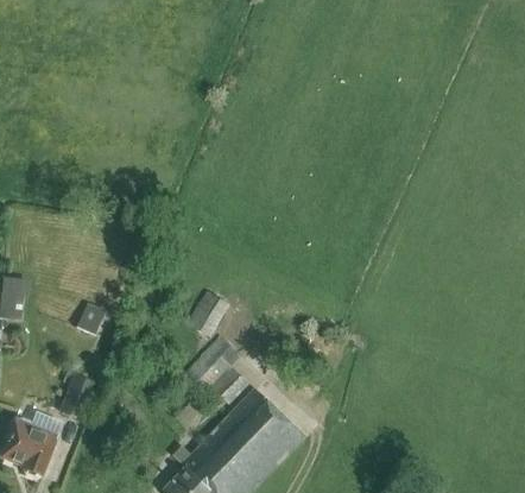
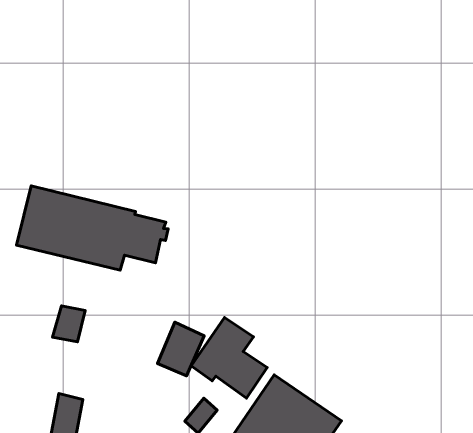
building: none -> [16,186,168,270]
building: [186,289,229,335] -> [157,322,204,376]

